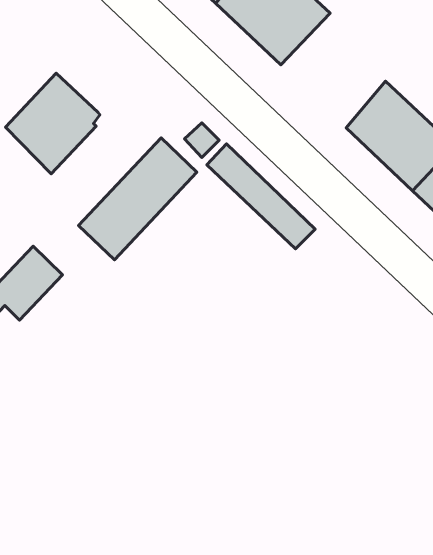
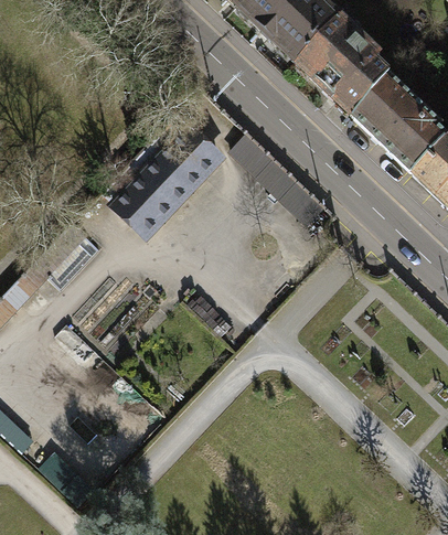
building: none -> [296,13,390,116]
building: [6,73,100,174] -> none

